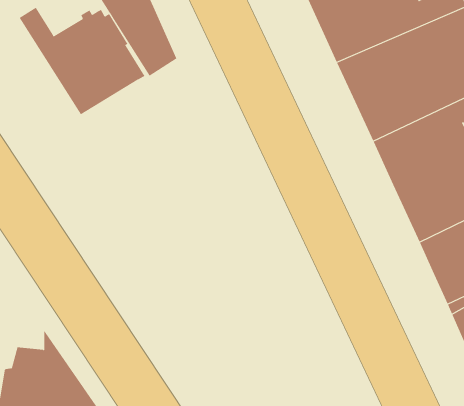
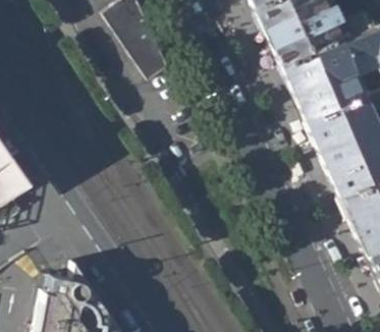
building: [19,7,145,115] -> none

